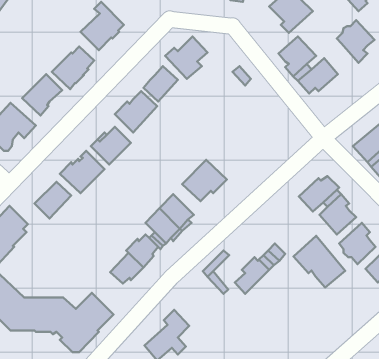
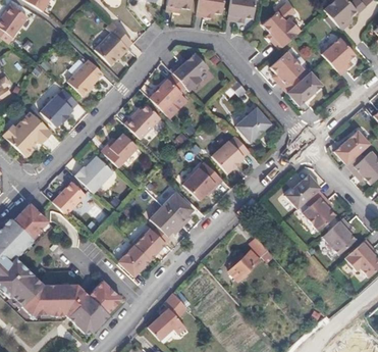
building: none -> [234,107,270,142]
building: none -> [212,136,249,172]
building: [293,236,345,287] -> none

